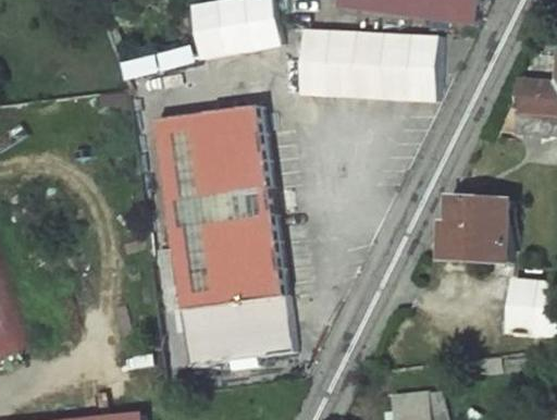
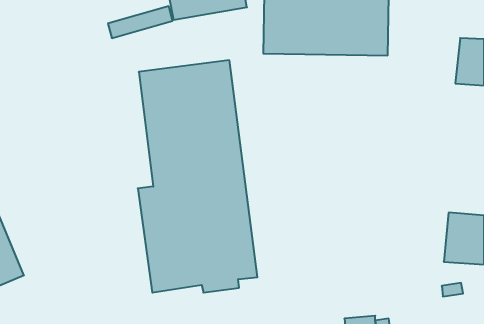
building: [440,198,509,262] -> none

